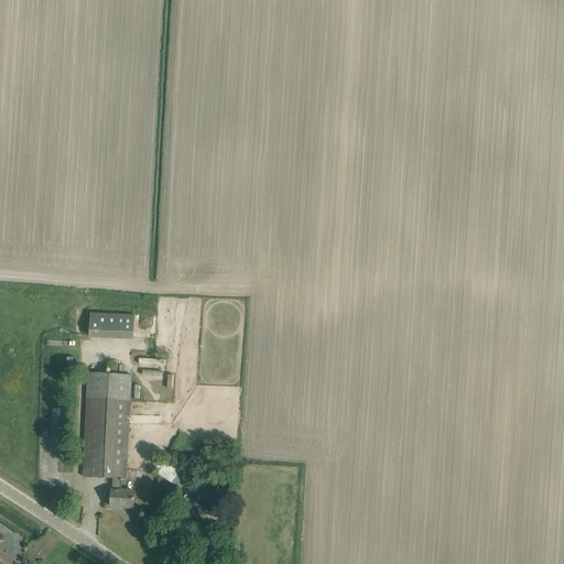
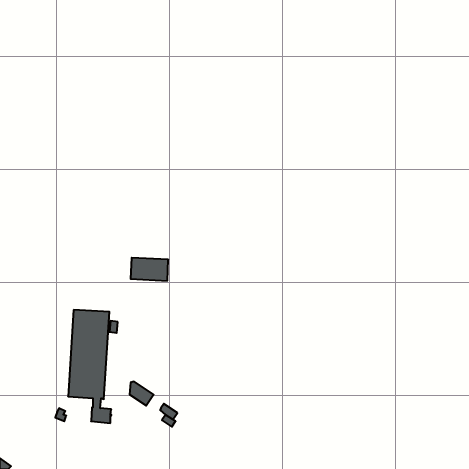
building: [88,312,133,339] -> [131,258,168,281]

